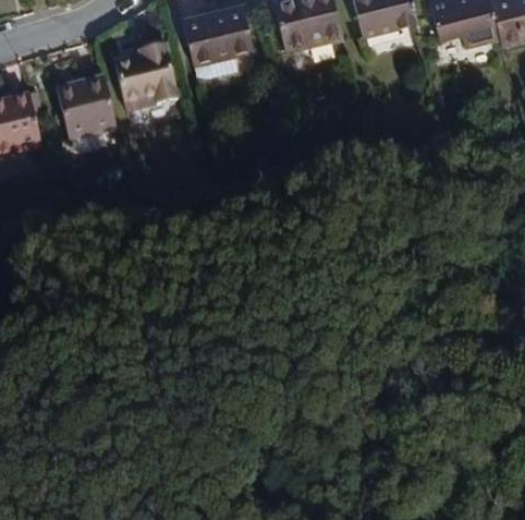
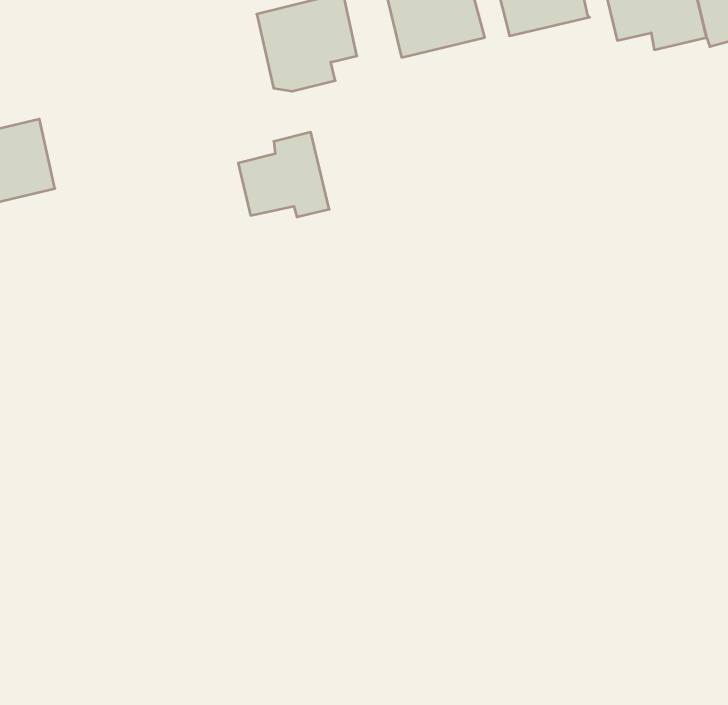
building: [114,43,179,102] -> [238,132,329,217]
building: [56,81,115,137] -> none

